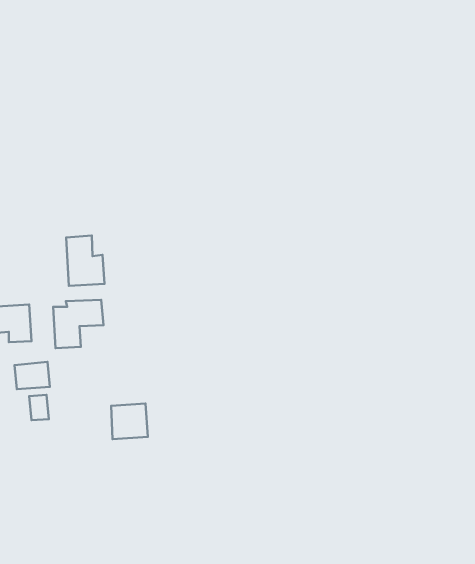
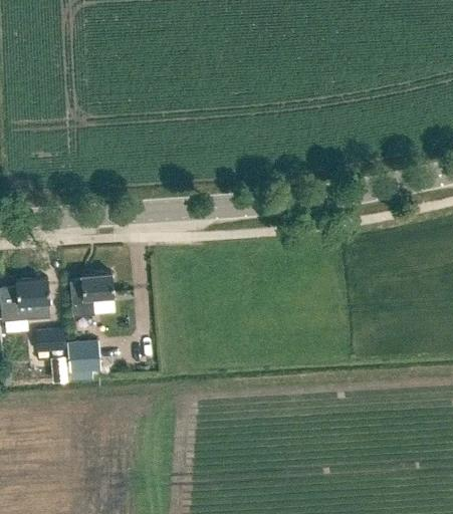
building: [66,236,104,286] -> none
building: [111,404,148,439] -> [68,343,100,374]

